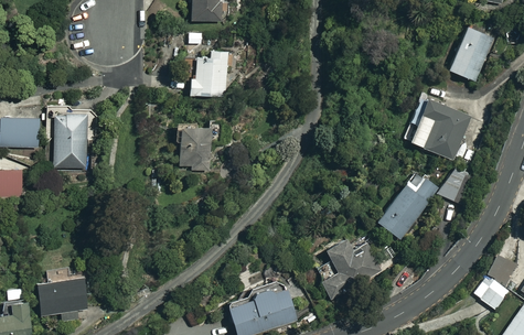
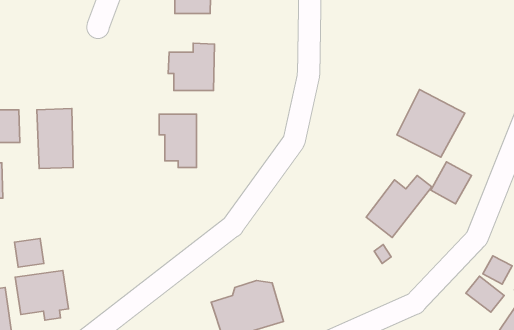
building: [447,24,498,82] -> none
building: [321,235,383,302] -> none
building: none -> [14,239,44,267]

